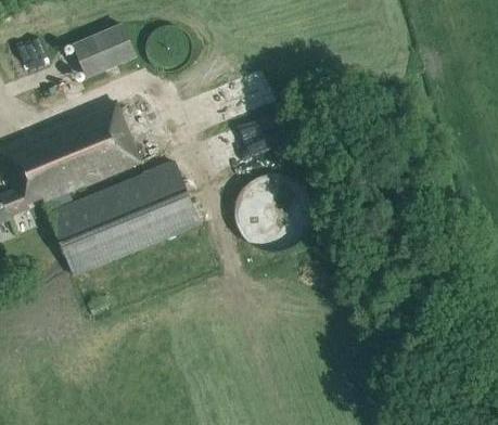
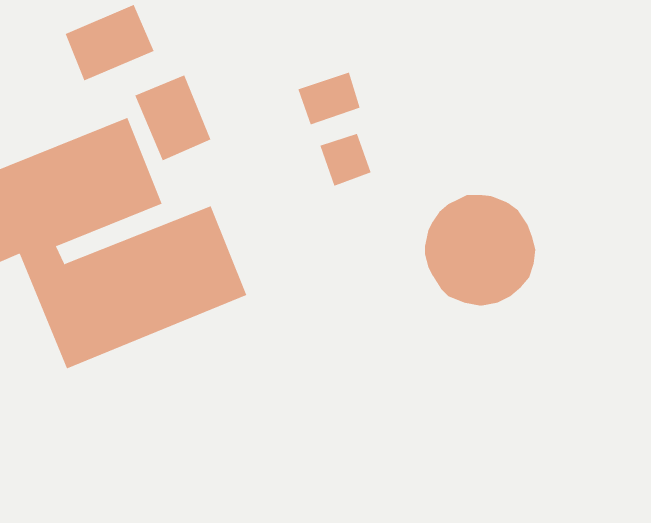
building: none -> [135,75,211,161]
building: [232,173,309,250] -> [424,194,536,306]

